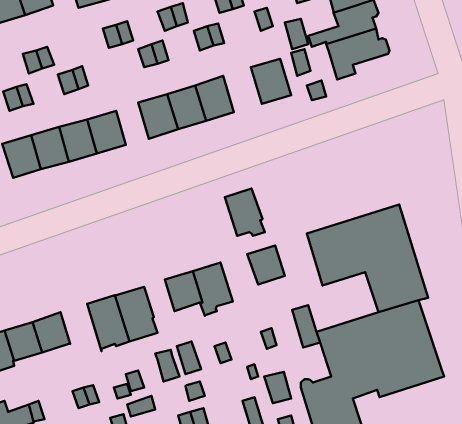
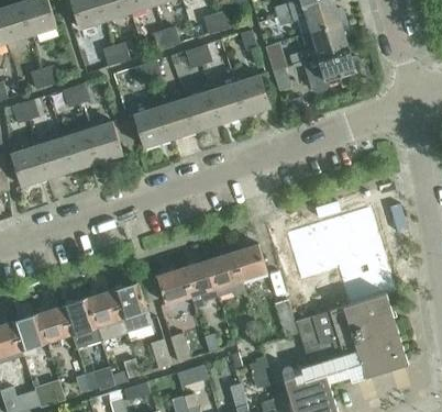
building: none -> [210,83,245,124]
building: [225,189,265,236] -> [208,253,244,296]
building: none -> [63,298,100,348]

